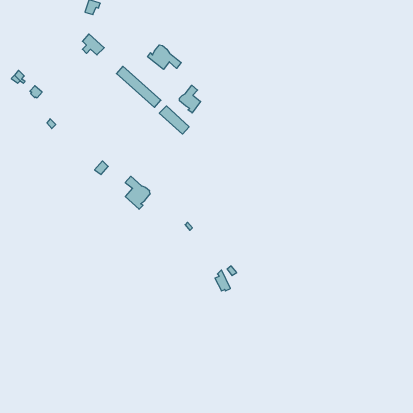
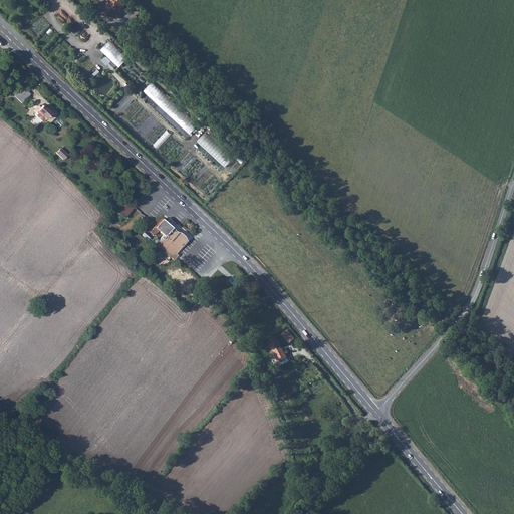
building: [148,45,181,69] -> none
building: [180,85,201,113] -> none

